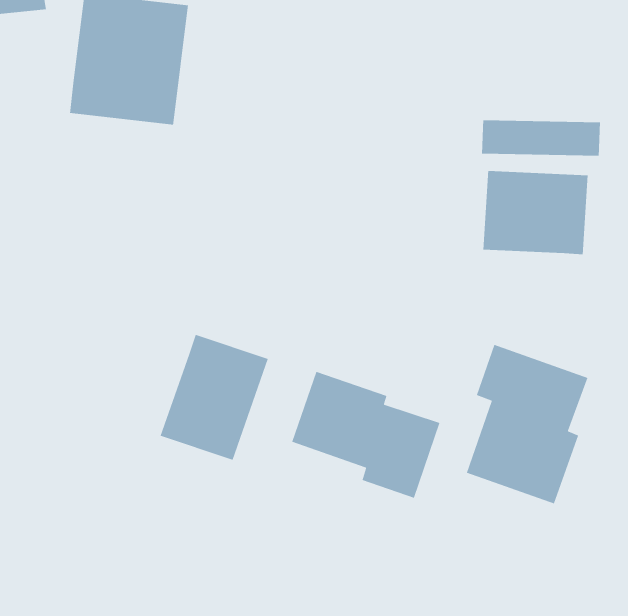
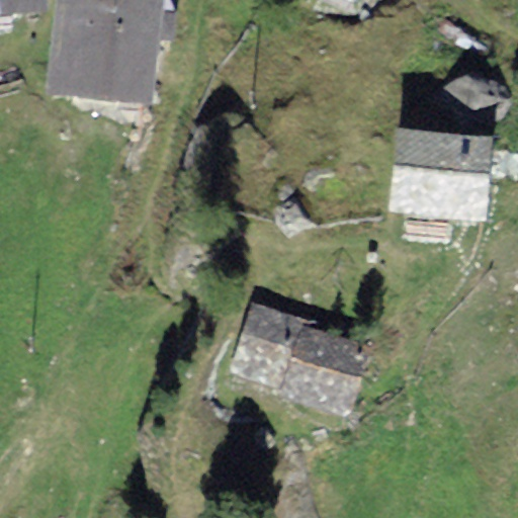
building: [159,334,269,461] -> none
building: [466,344,589,504] -> none

